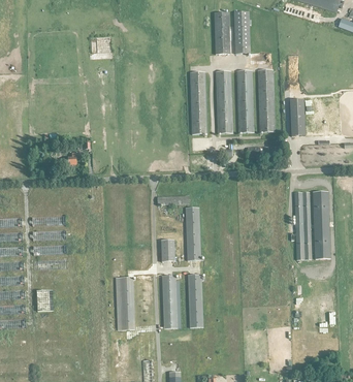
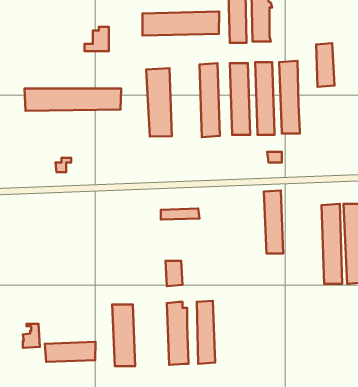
building: none -> [143,12,219,36]
building: none -> [146,68,172,136]
building: none -> [24,88,121,111]
building: [289,98,304,135] -> [316,43,334,87]
building: [184,206,200,260] -> [264,190,283,253]
building: none -> [45,342,95,362]

